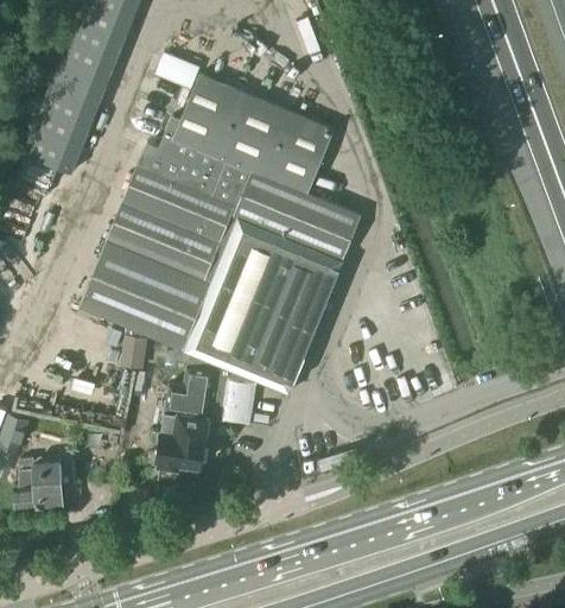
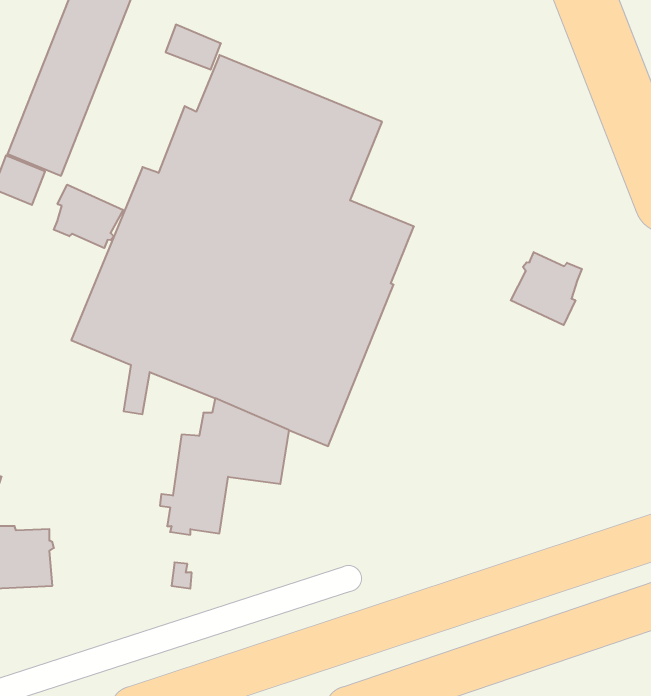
building: none -> [54,185,123,248]
building: none -> [511,252,582,325]

